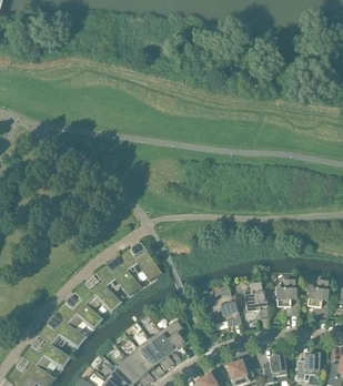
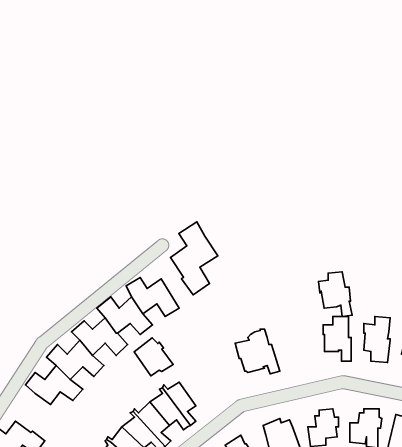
building: none -> [170,222,218,295]
building: [242,284,269,319] -> [318,272,352,316]
building: [161,322,192,352] -> [134,338,173,376]
building: [23,342,69,373] -> none

